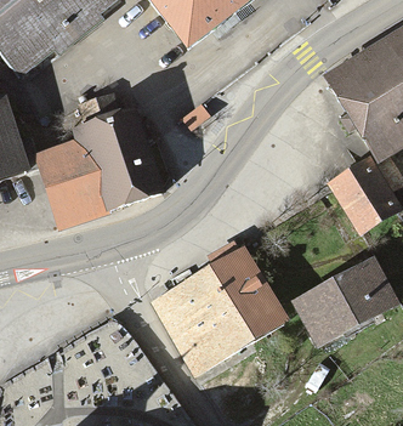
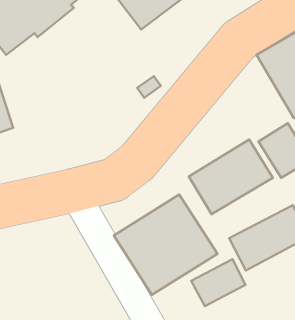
building: [35,109,161,225] -> none
building: none -> [189,139,273,214]
building: none -> [191,259,245,306]

